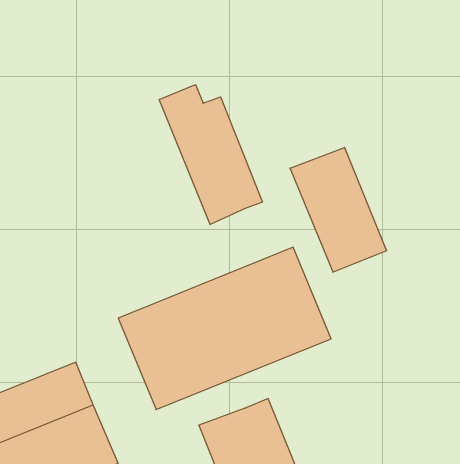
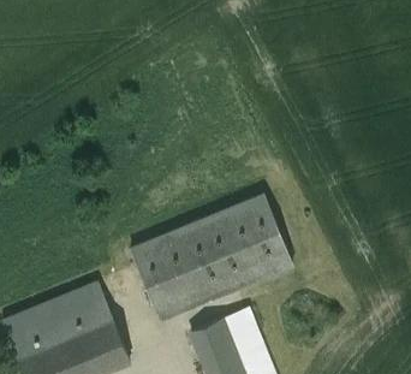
building: [159,85,263,225] -> none
building: [290,147,386,272] -> none

